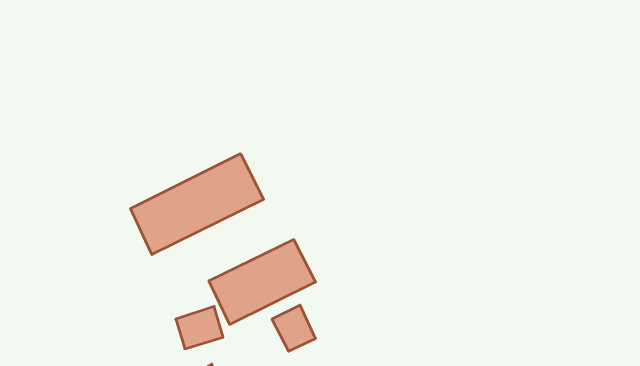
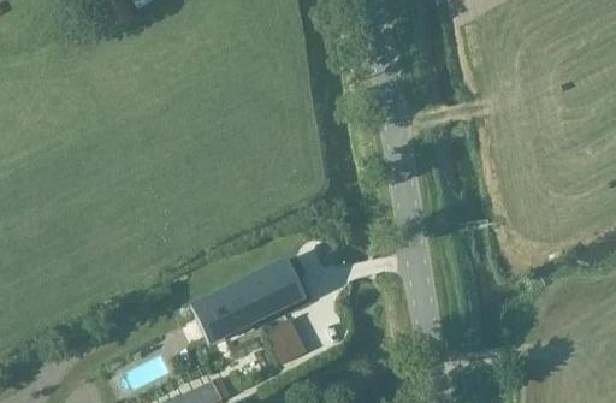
building: [131,154,264,255] -> none

